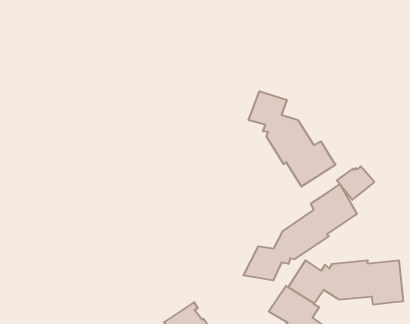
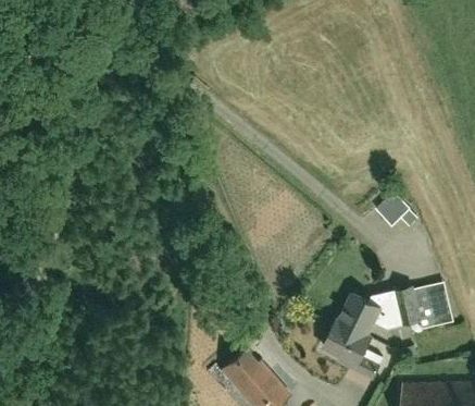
building: [249,91,335,187] -> none
building: [243,184,357,281] -> none

